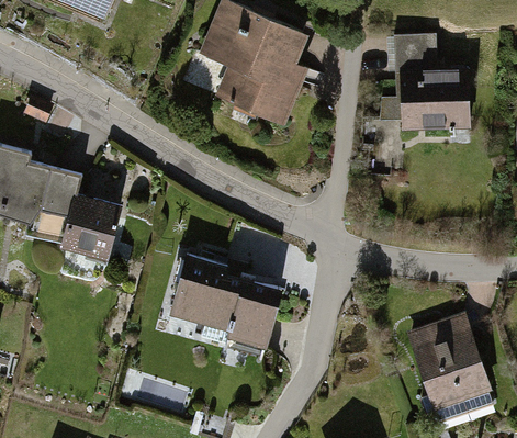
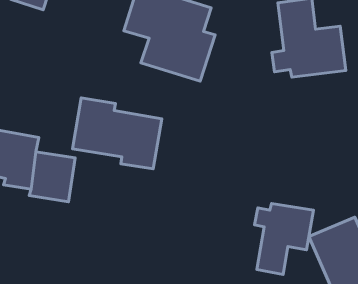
building: [169,254,283,350] -> [73,98,162,169]
building: none -> [255,203,313,274]

